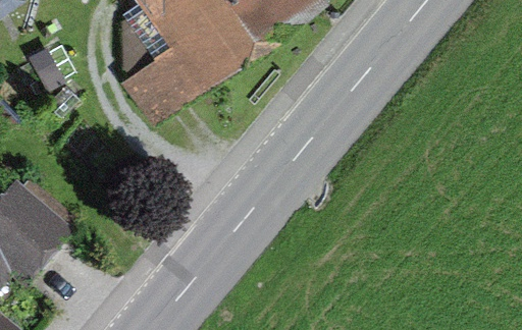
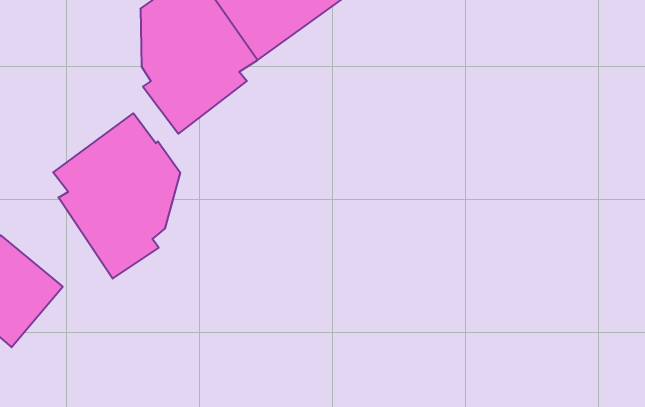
building: none -> [53,113,180,279]

